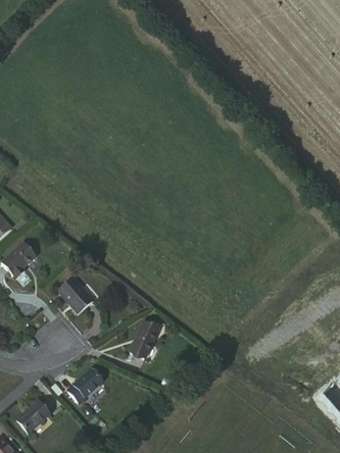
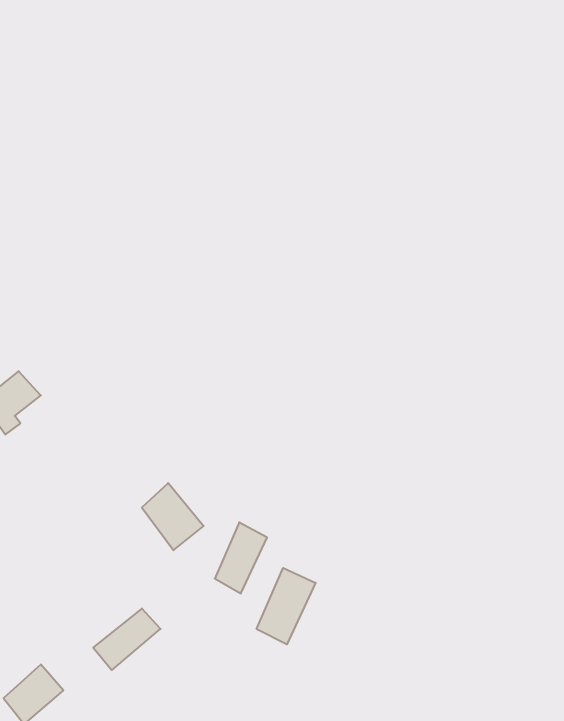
building: [56,273,90,310] -> [142,483,204,550]
building: none -> [257,568,316,644]

